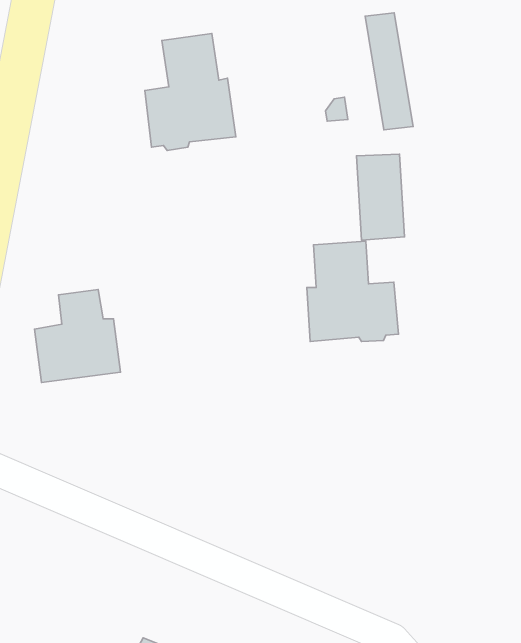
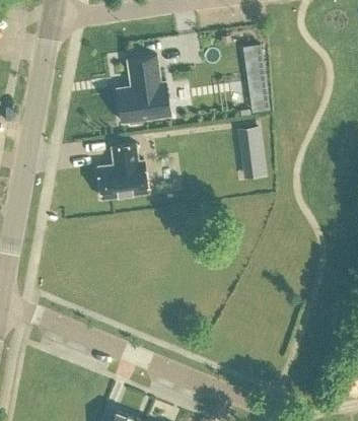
building: [307,241,399,342] -> none
building: [34,290,121,383] -> [96,145,147,200]

